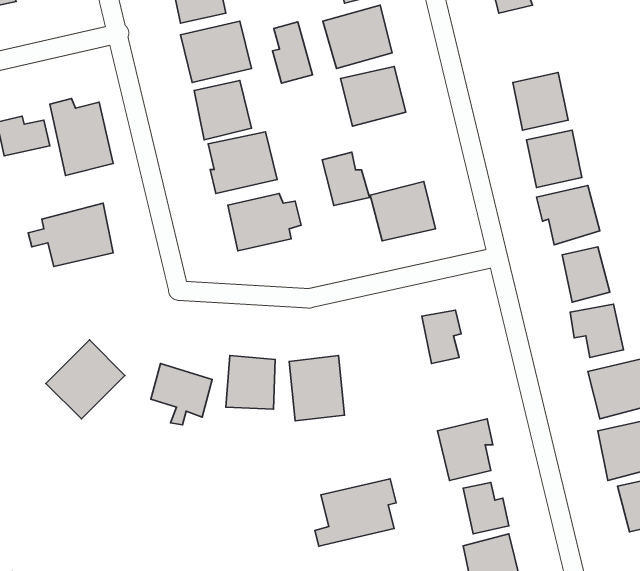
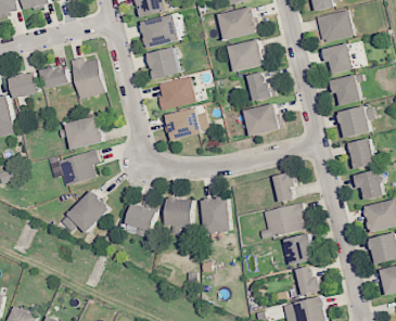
building: none -> [314,9,352,42]
building: [273,22,313,83] -> none
building: [322,152,369,206] -> [247,72,273,101]
building: none -> [58,149,97,187]
building: [315,479,396,546] -> [257,202,302,239]

